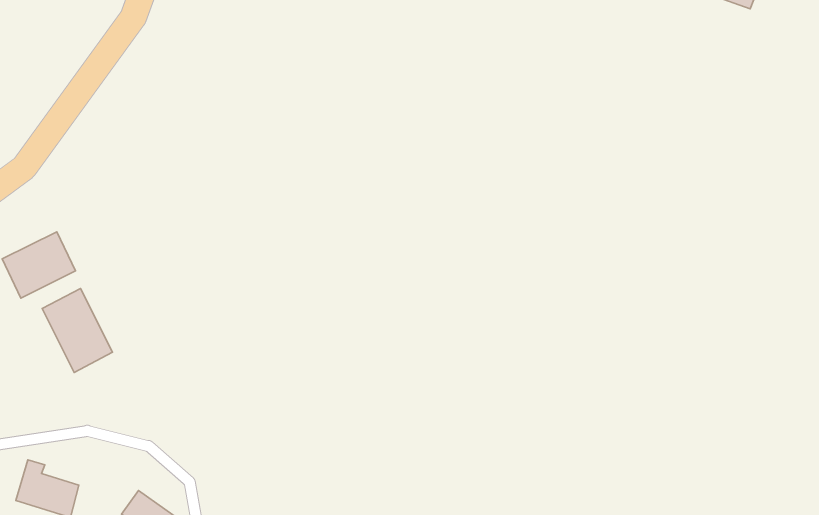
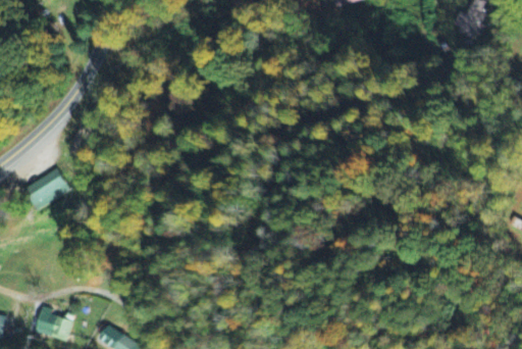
building: [42,288,113,373] -> none

